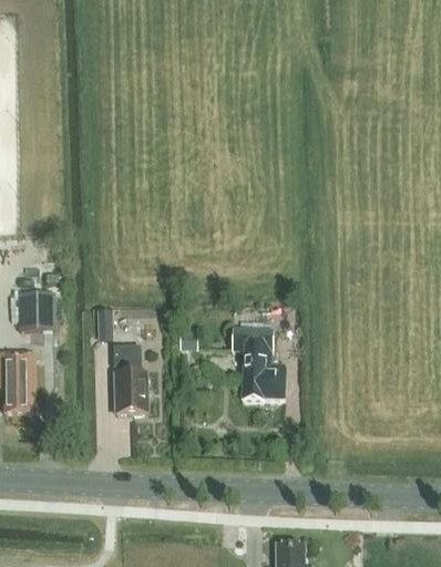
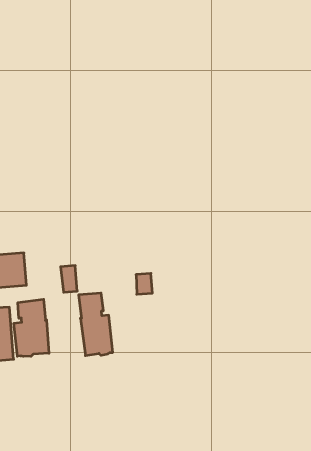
building: [230,326,285,400] -> none
building: none -> [14,299,49,356]

